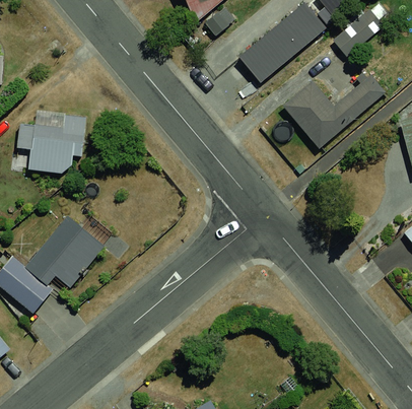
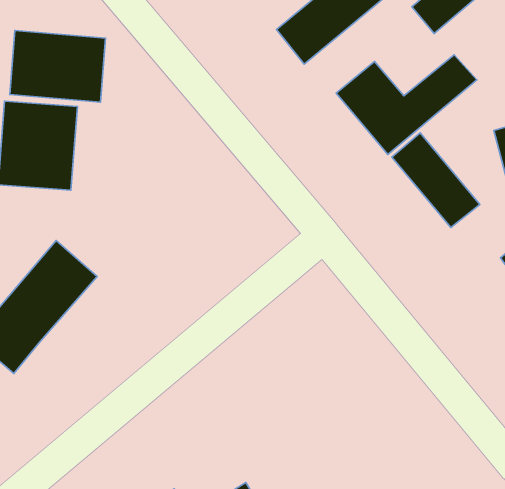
building: none -> [10,30,105,102]
building: none -> [392,133,480,227]

